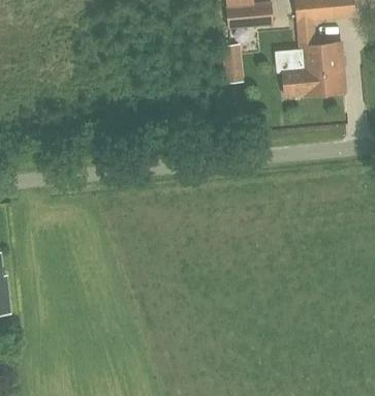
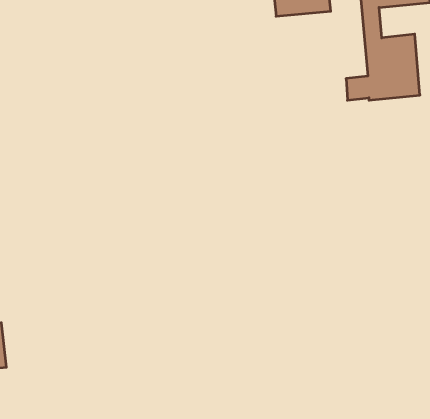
building: [220,44,243,84] -> none

